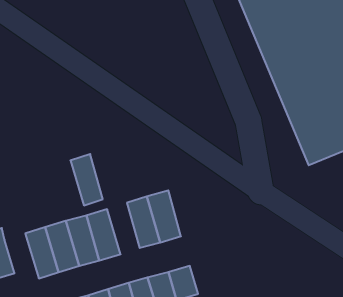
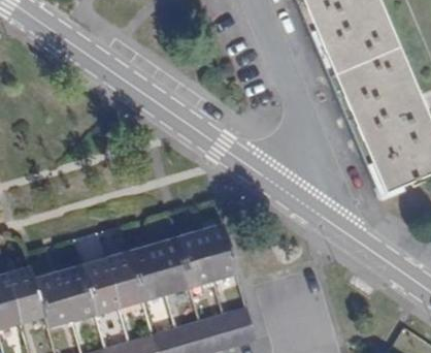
building: [70,154,103,205] -> [146,237,184,296]
building: none -> [29,272,68,330]

